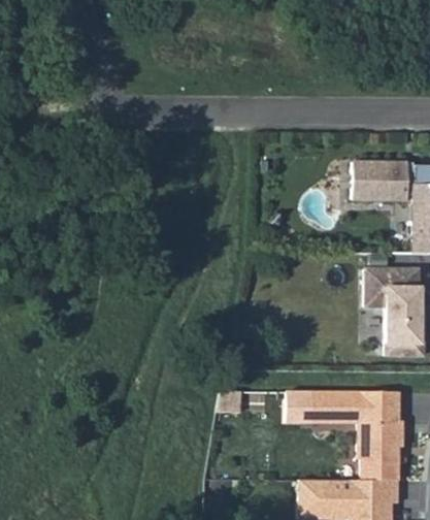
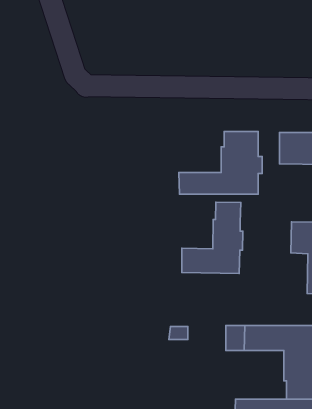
building: none -> [179,131,262,194]
building: none -> [182,202,243,274]

